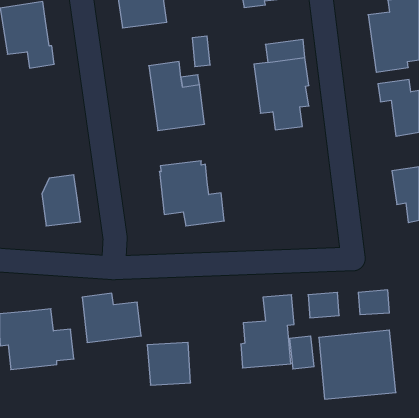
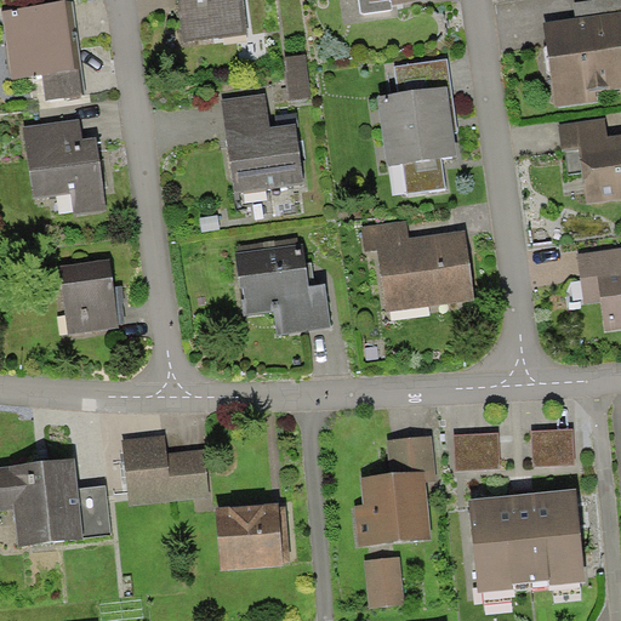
building: none -> [24,119,102,210]
building: none -> [363,220,473,312]
building: [289,336,314,369] -> [365,557,401,605]

